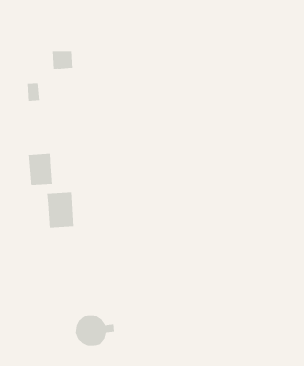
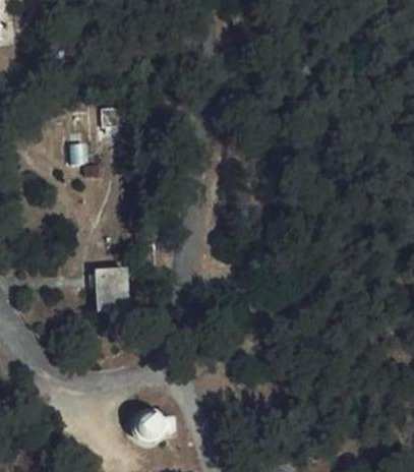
building: [28,153,52,186] -> none

